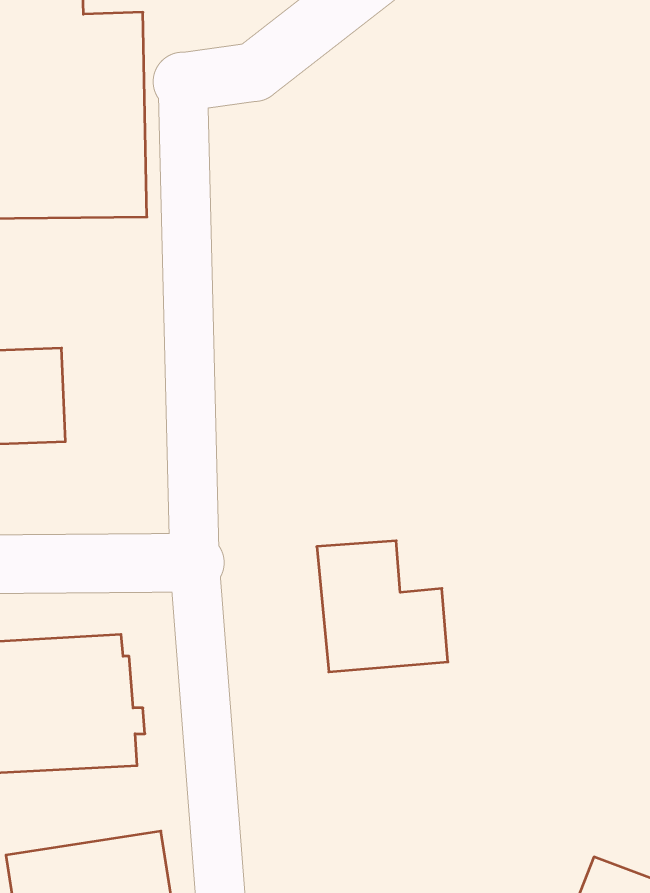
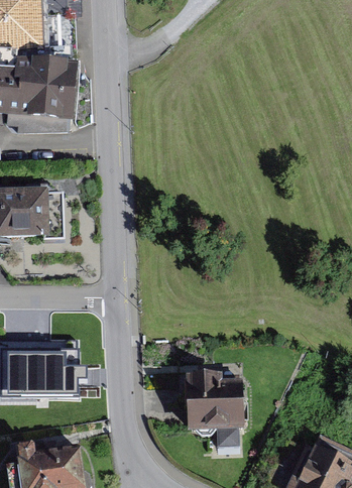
building: [317,541,448,672] -> [195,372,261,439]

